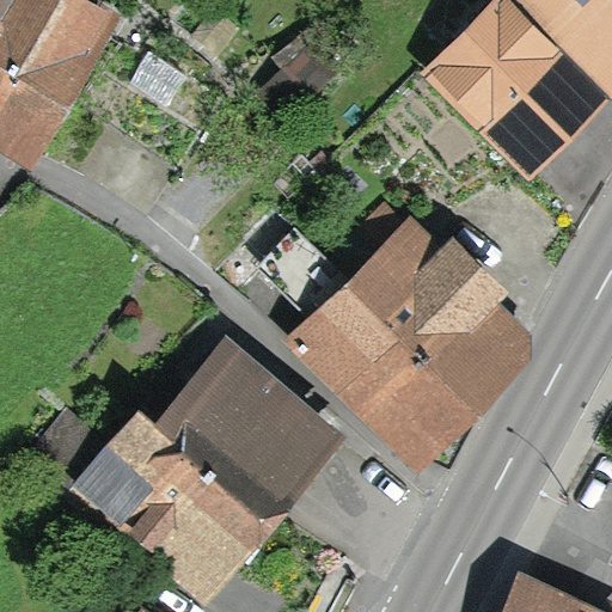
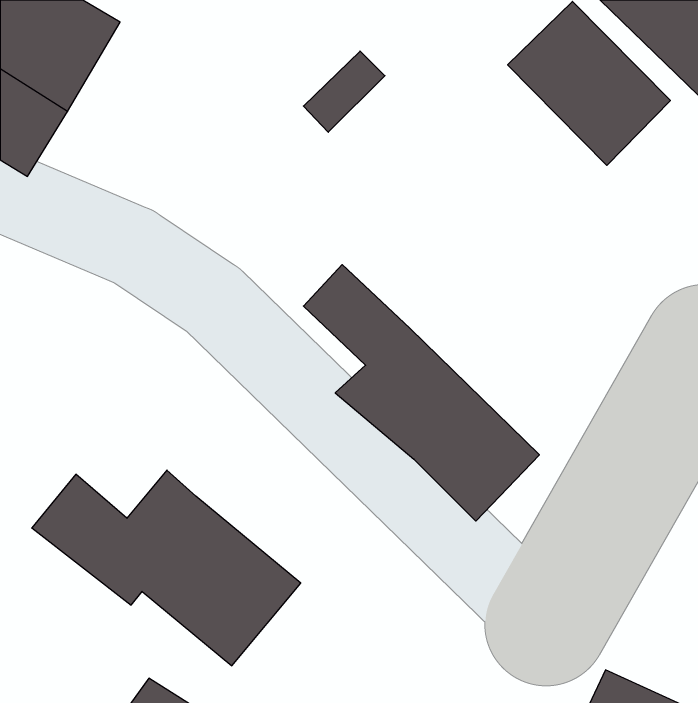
building: [361,218,525,396] -> none
building: [176,354,331,507] -> none

